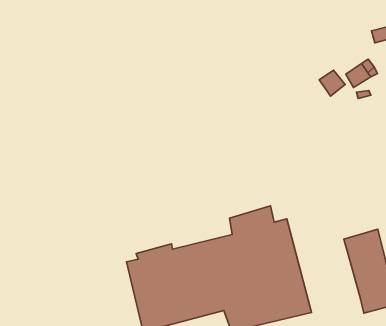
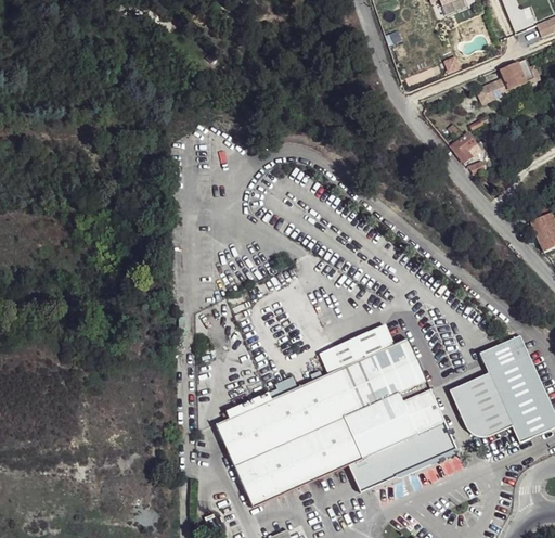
building: [319,70,345,96] -> none
building: none -> [450,373,513,436]

